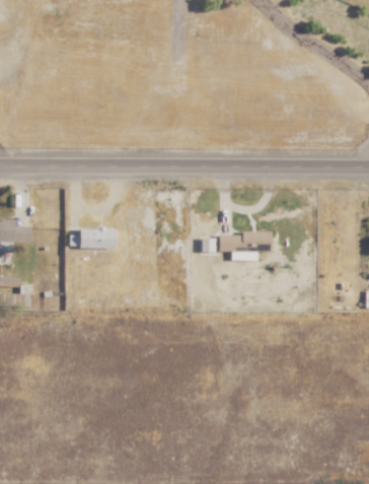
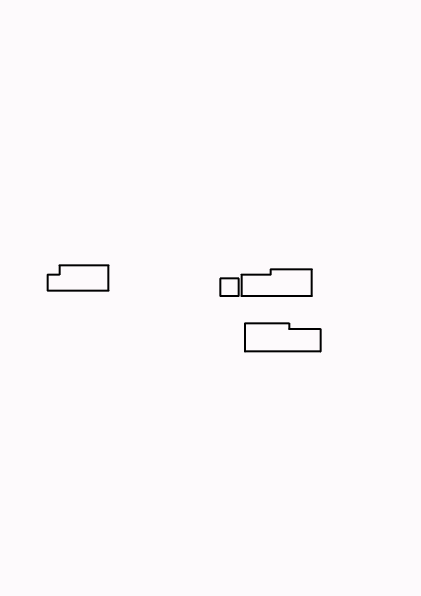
building: none -> [245,323,320,352]

